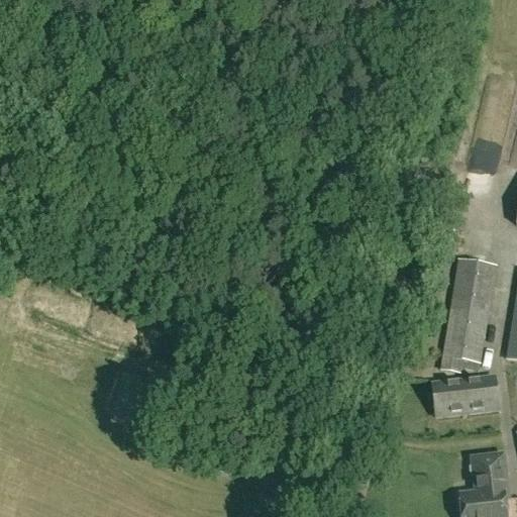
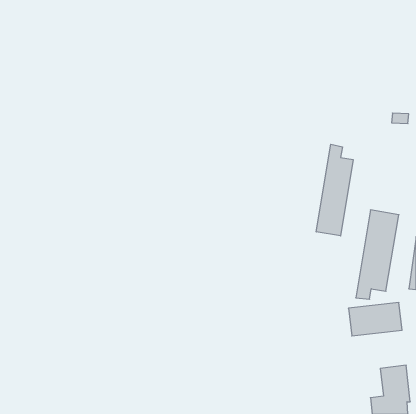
building: none -> [316,144,353,236]

